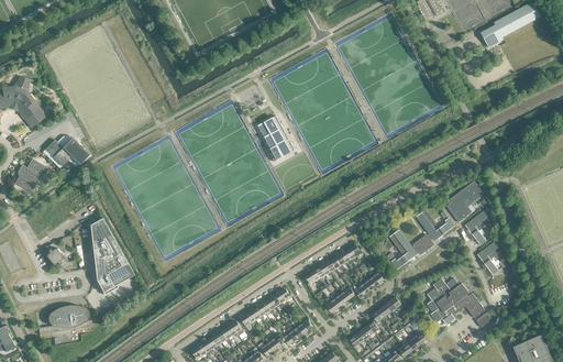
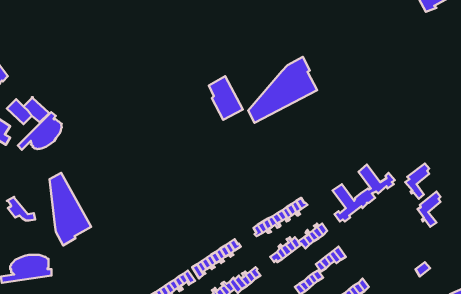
building: none -> [248,57,317,123]
building: none -> [18,112,62,150]
building: [446,182,484,222] -> none
building: [426,278,484,325] -> none

